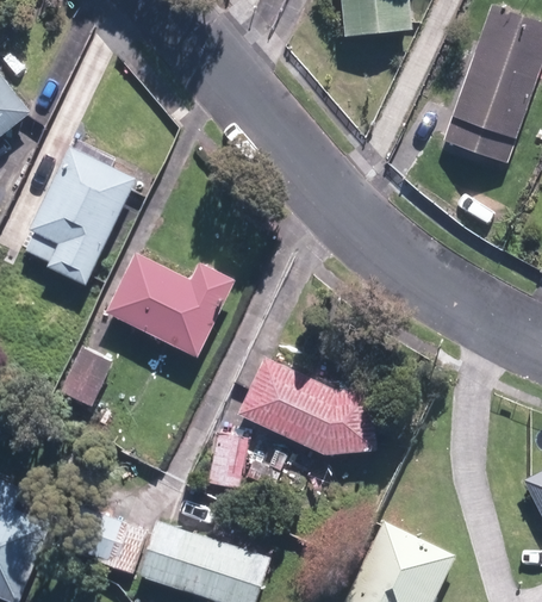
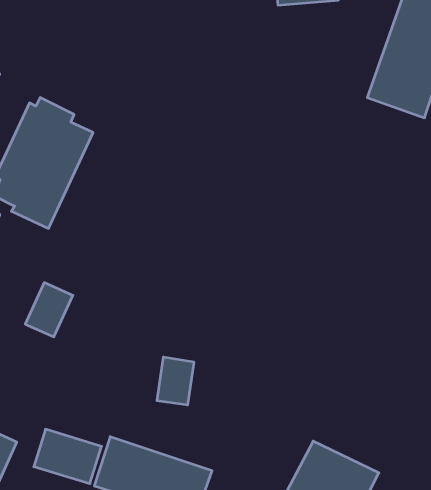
building: [106,253,236,356] -> none
building: [236,356,376,454] -> none

